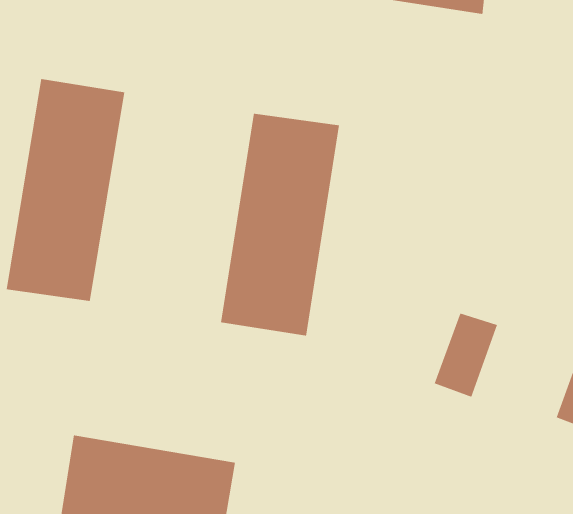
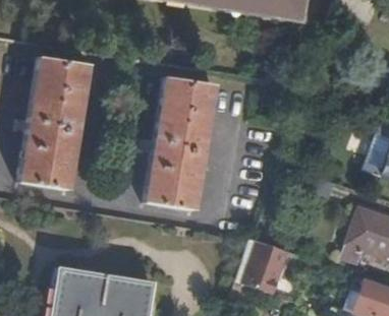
building: [434,313,498,397] -> [244,241,282,291]

